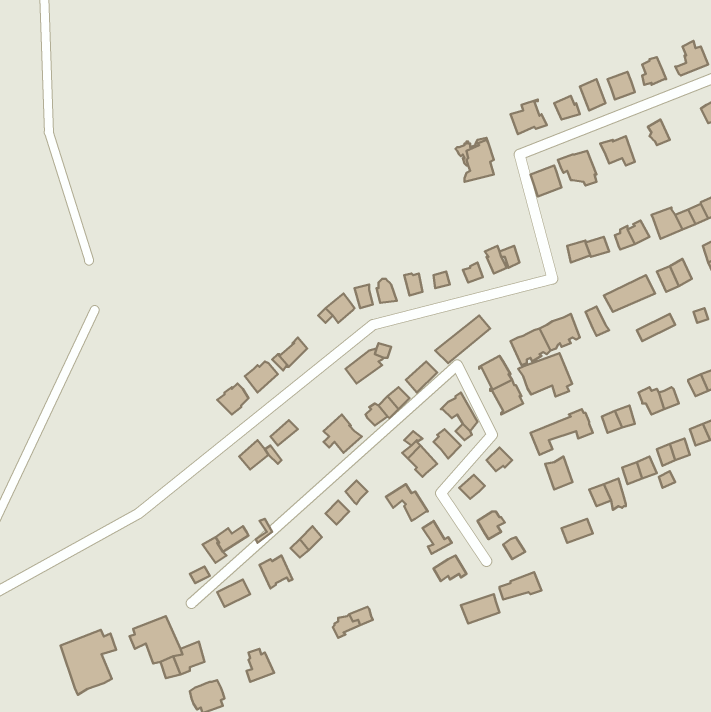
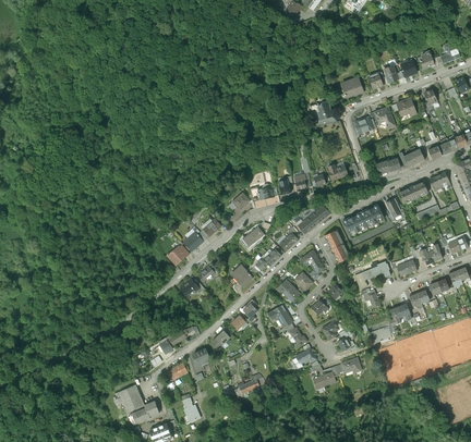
building: [518,353,572,397] -> none
building: [60,630,116,695] -> none

